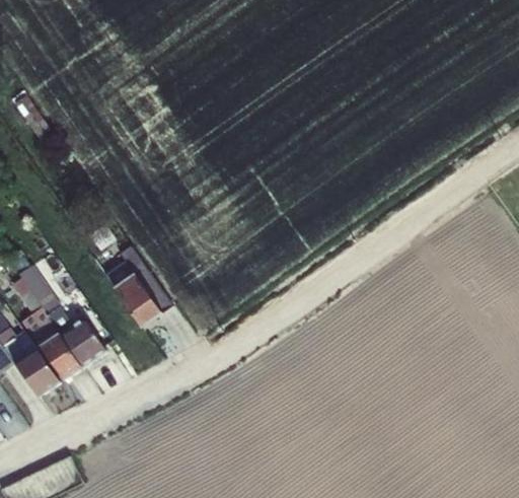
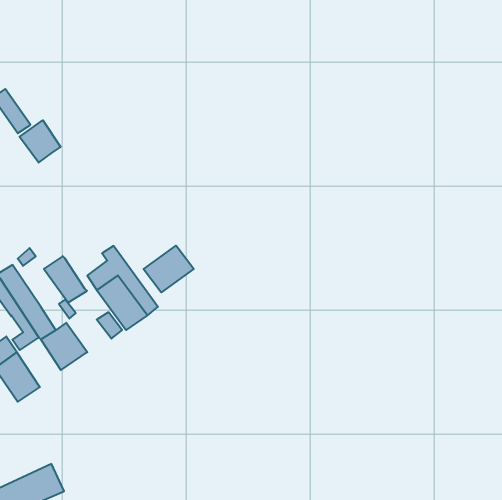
building: none -> [20,120,61,163]
building: none -> [144,246,194,292]
building: [40,334,81,378] -> [44,256,87,302]

